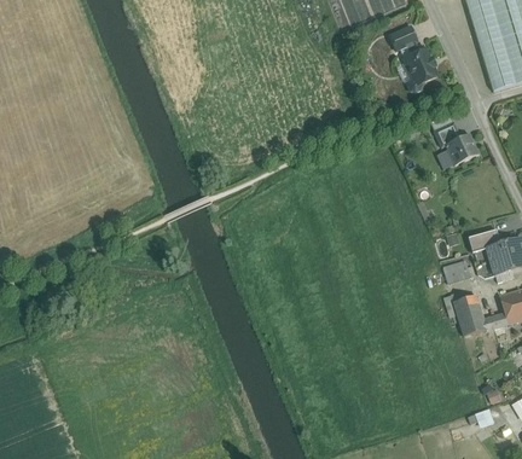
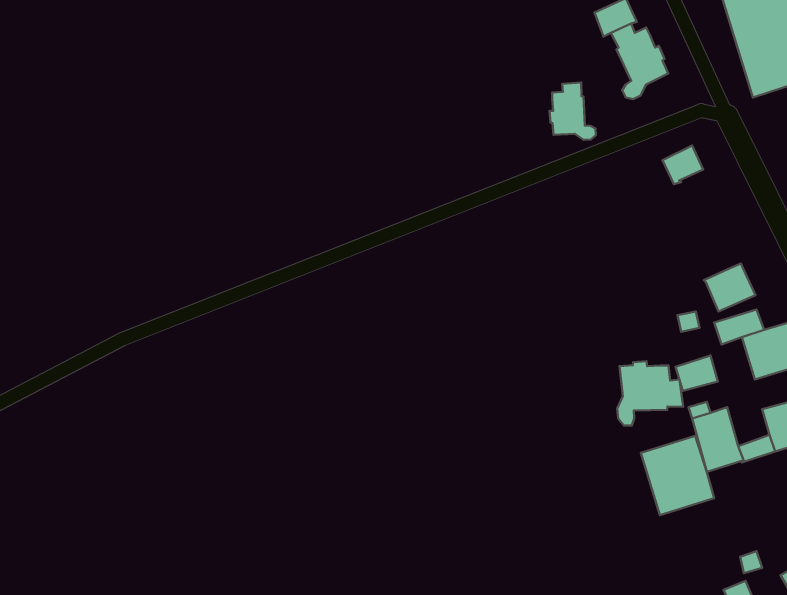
building: none -> [550,82,596,140]
building: [446,134,480,165] -> [704,264,755,312]
building: none -> [617,361,683,426]
building: none -> [641,436,714,515]

